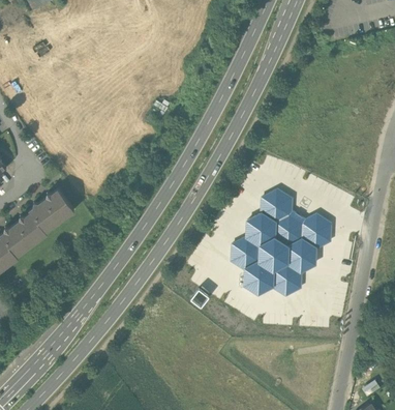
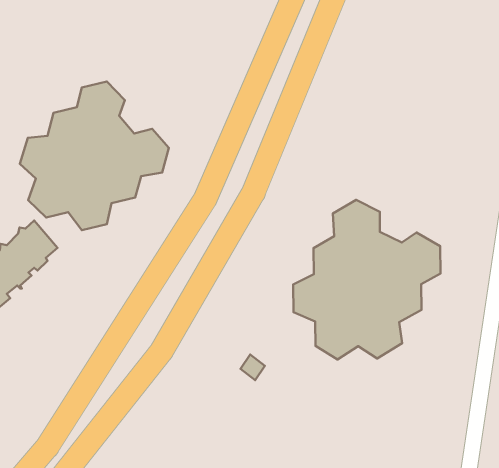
building: none -> [20,82,169,230]

